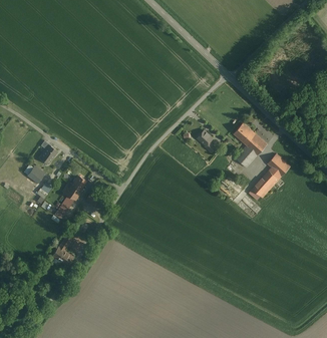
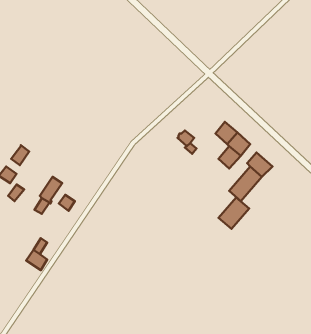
building: none -> [218,197,249,229]

